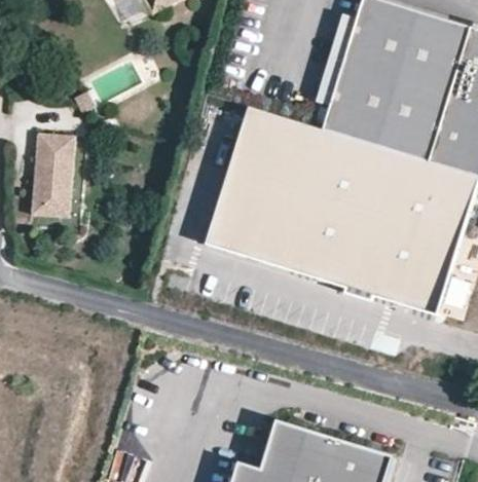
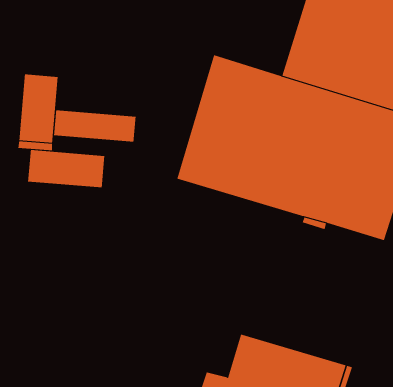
building: none -> [54,109,136,143]
building: none -> [28,149,105,188]

